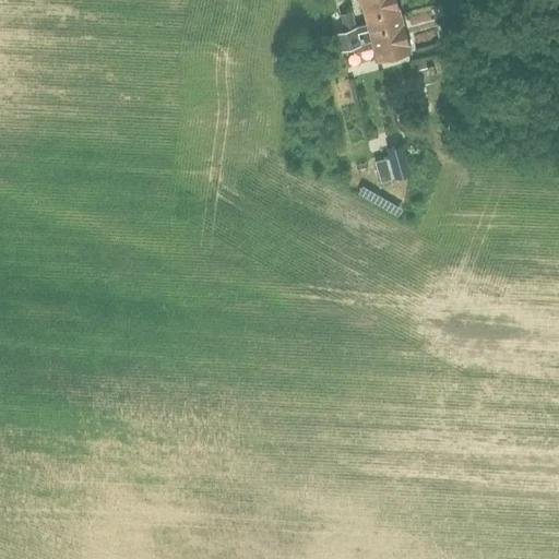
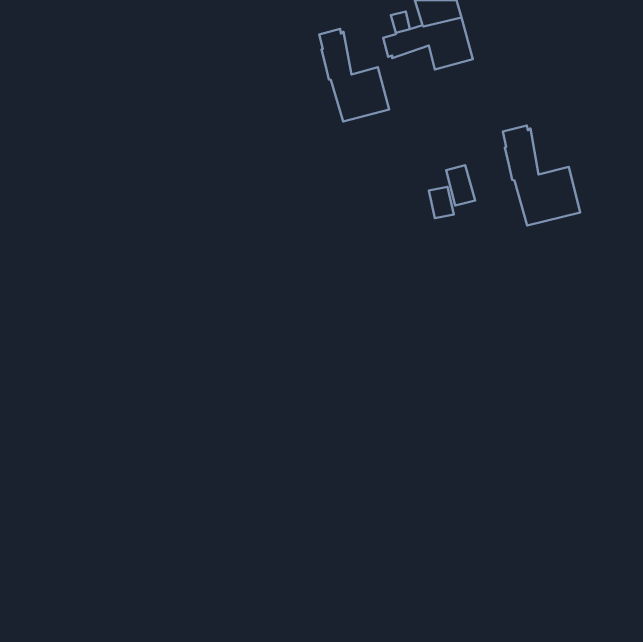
building: none -> [319,29,389,122]
building: none -> [503,125,580,226]

